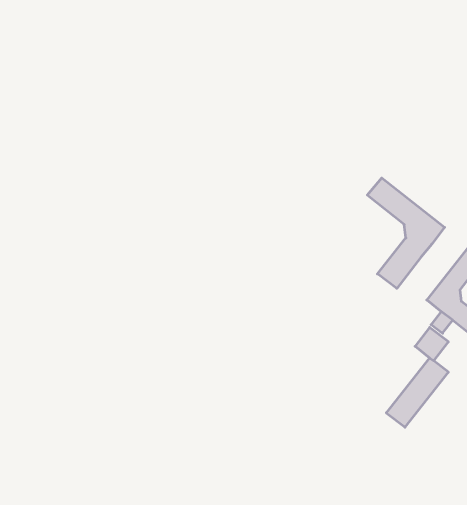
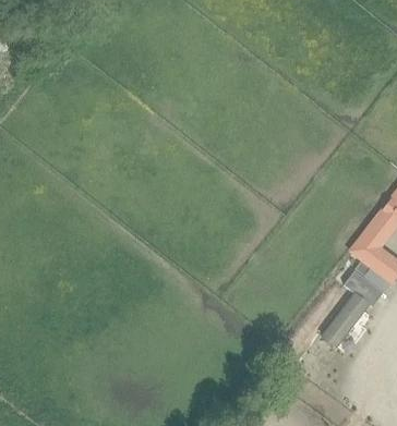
building: [367,178,445,288] -> none

